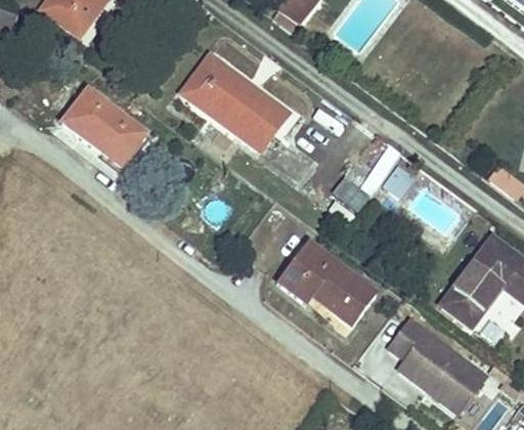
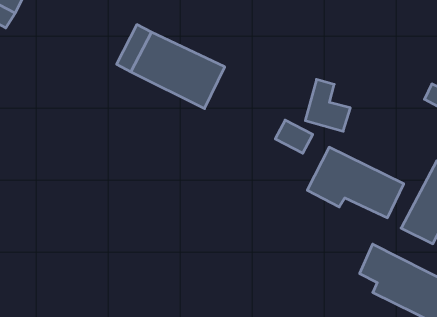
building: [60,87,146,168] -> none
building: [278,243,378,325] -> [307,147,404,218]

